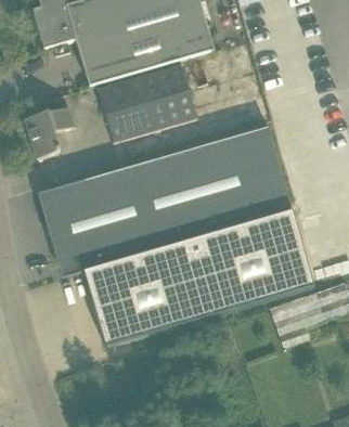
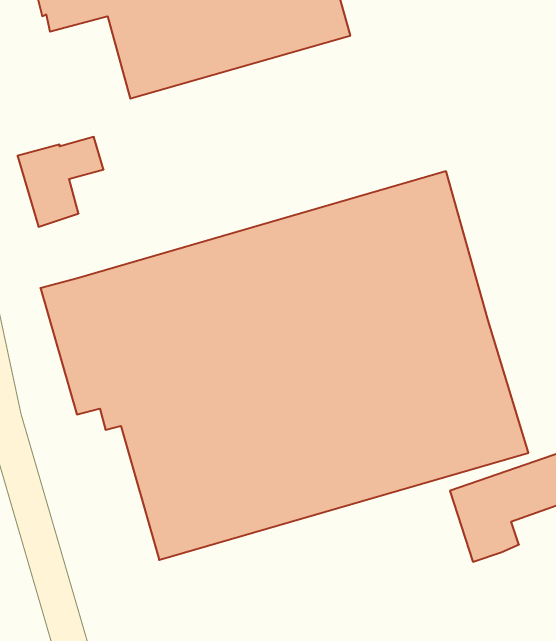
building: [98,63,196,141] -> none

